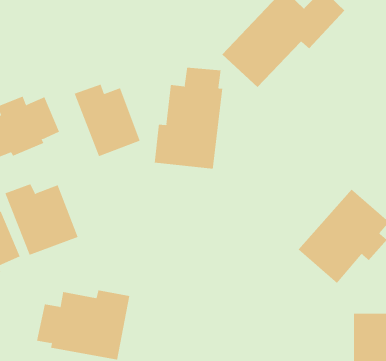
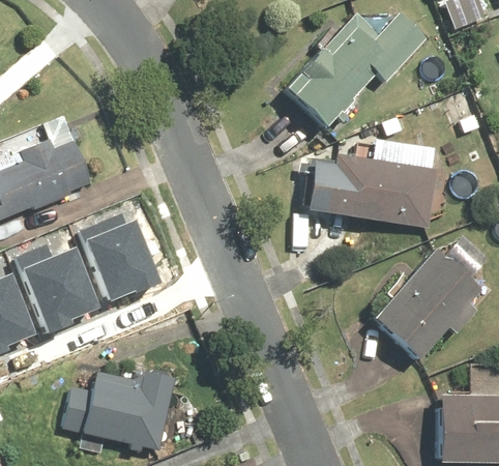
building: [154,67,223,170] -> none
building: [74,84,141,157] -> [91,211,170,297]
building: none -> [302,151,436,227]

